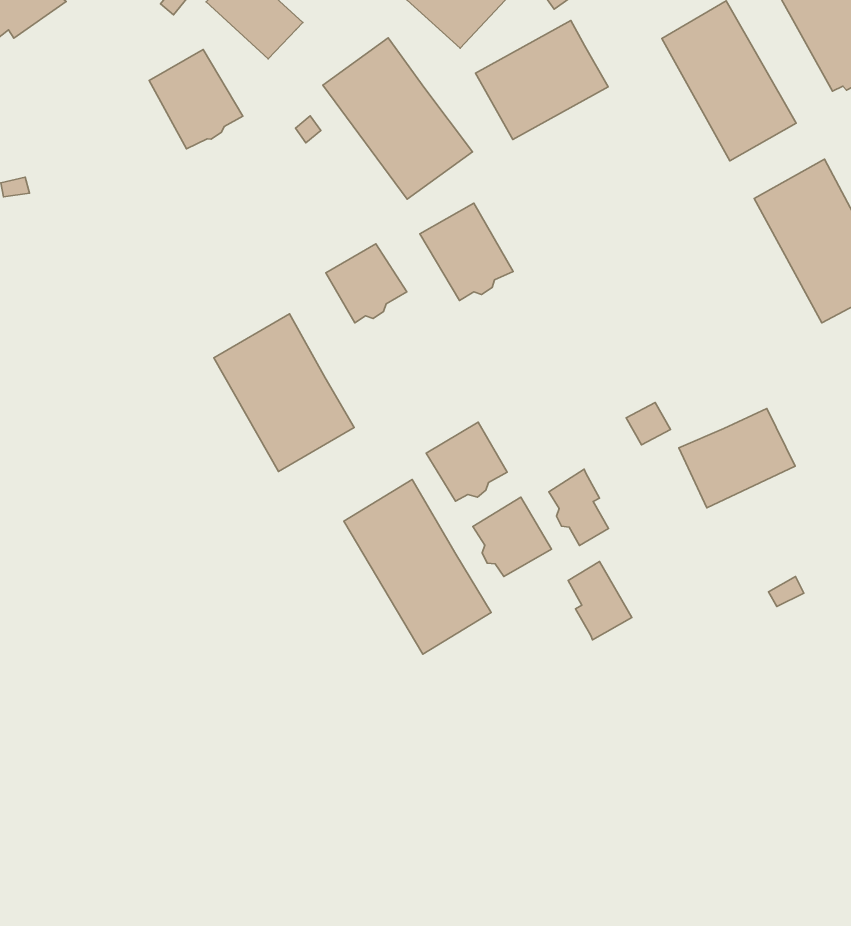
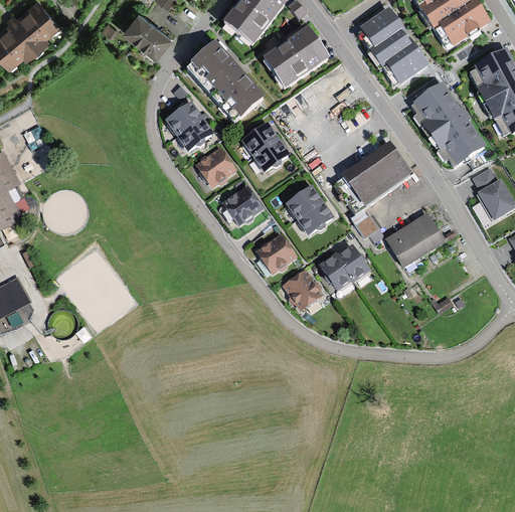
building: [149,50,243,149] -> [165,100,214,151]
building: none -> [342,140,412,206]
building: [214,314,354,471] -> none
building: none -> [220,183,263,225]
building: none -> [286,184,334,234]
building: [344,480,491,654] -> none
building: [568,562,632,640] -> [337,242,371,283]

